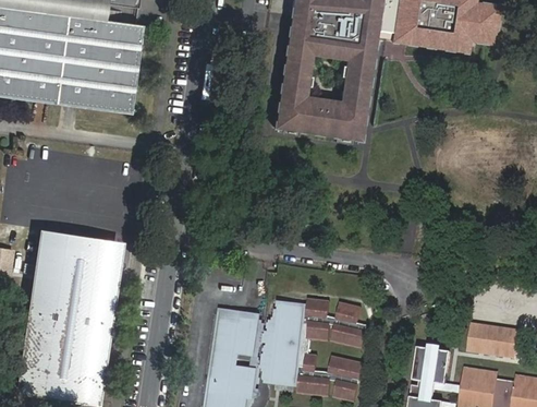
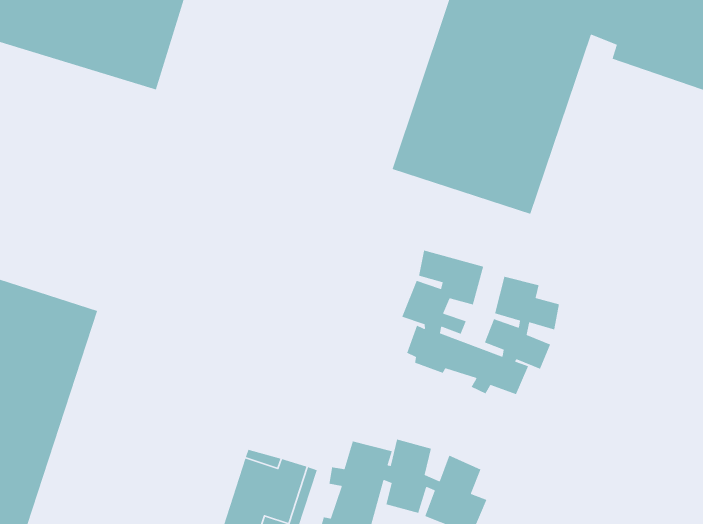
building: none -> [401,249,560,395]

